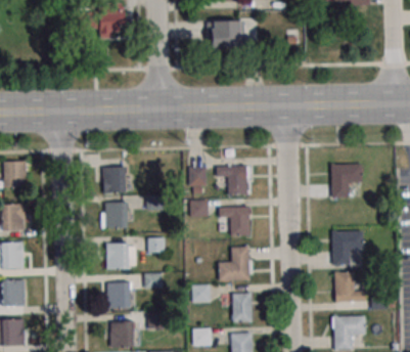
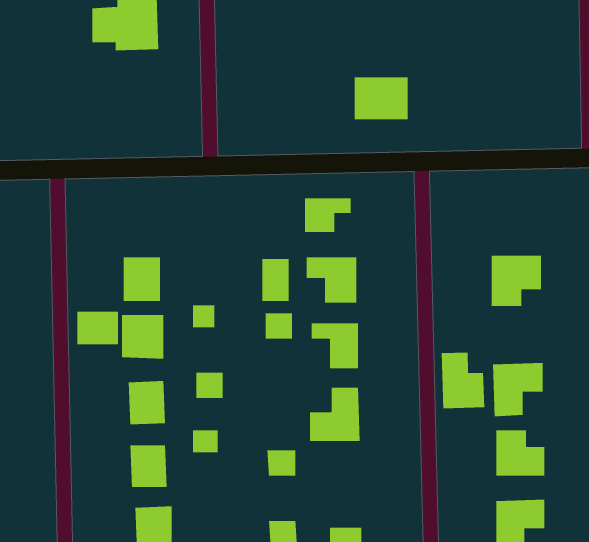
building: [211,21,244,48] -> [354,77,408,120]
building: none -> [305,198,351,233]
building: none -> [77,311,119,345]
building: none -> [441,352,485,409]
building: [232,293,253,322] -> none

